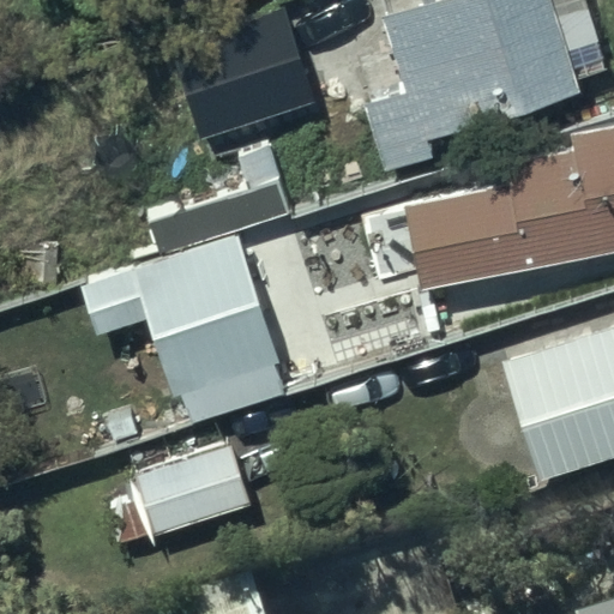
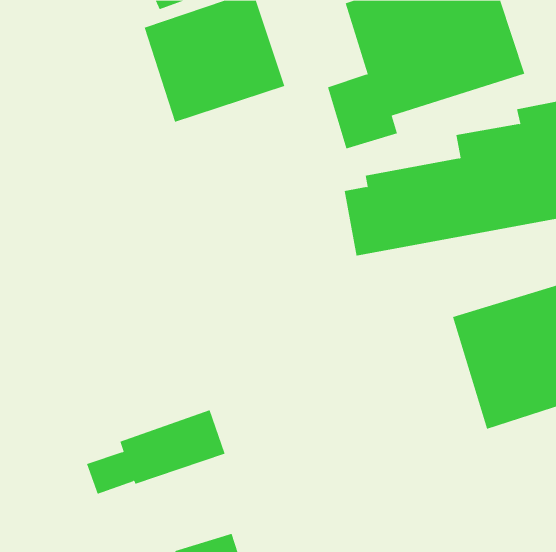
building: [137,146,295,402] -> none

